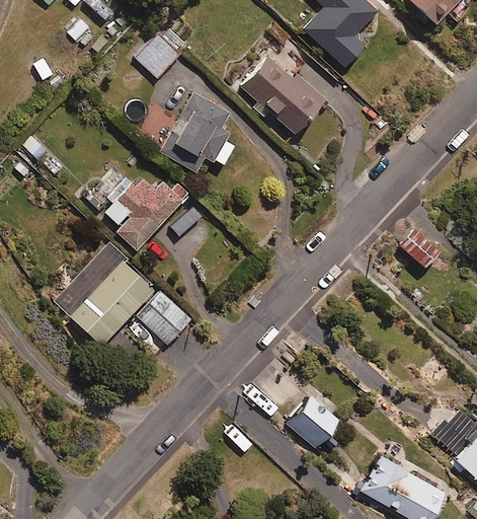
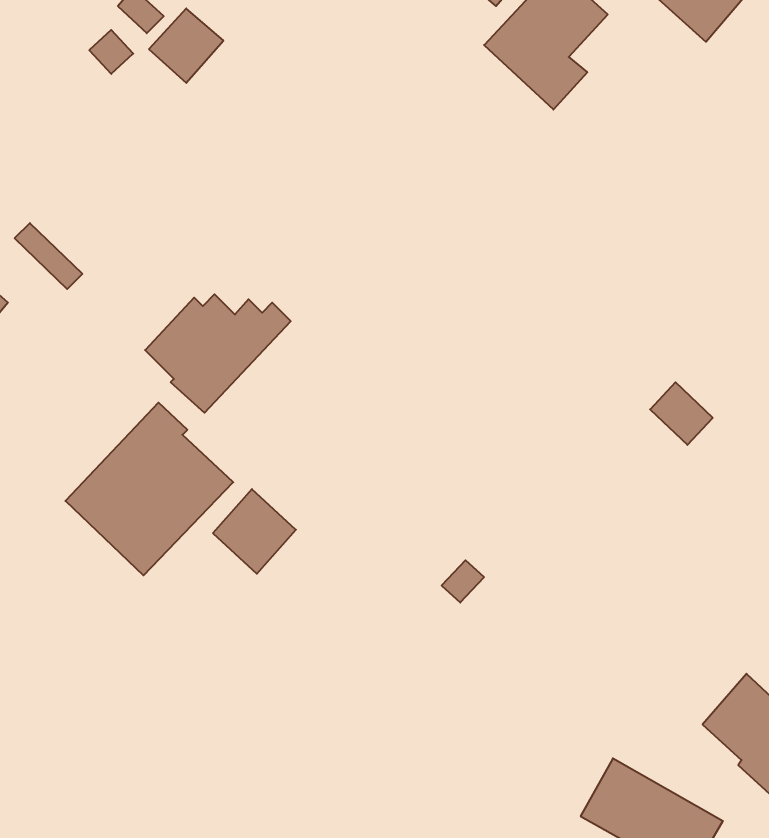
building: [136,33,180,78] -> [149,8,223,83]
building: [242,42,326,137] -> none
building: [160,92,234,172] -> none
building: [289,397,339,449] -> none

